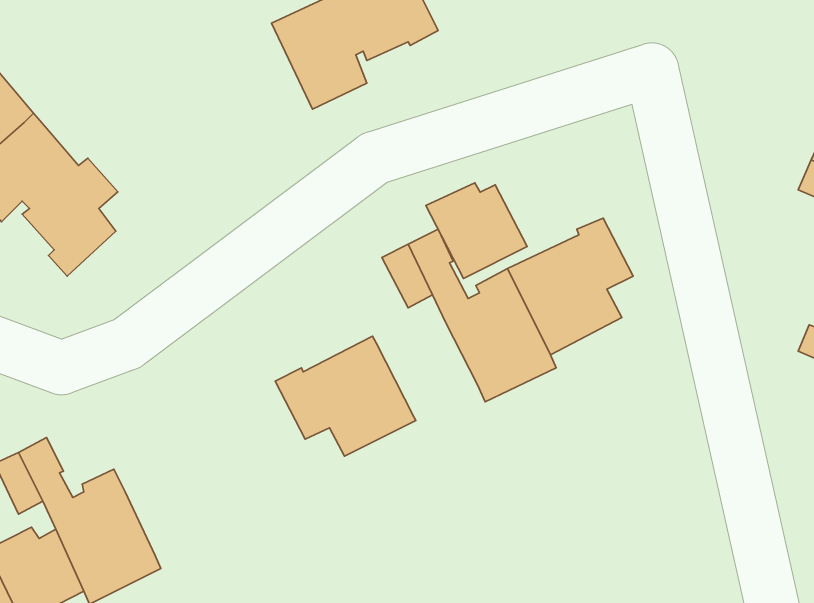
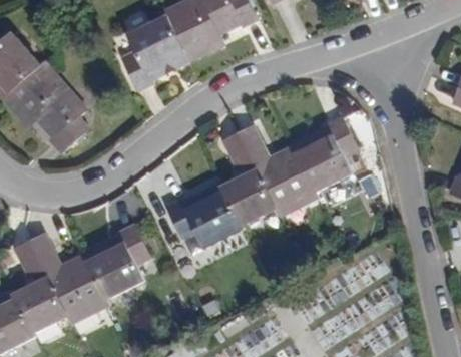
building: none -> [125,14,190,88]
building: [426,183,527,278] -> [224,173,279,225]
building: none -> [84,225,151,299]

